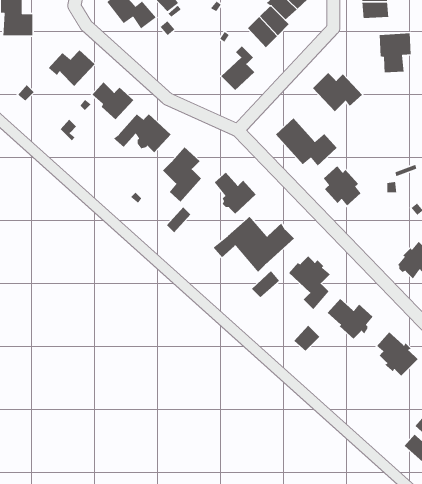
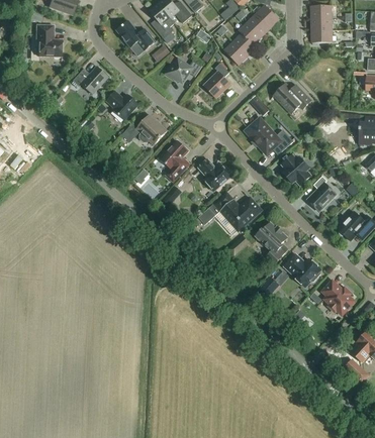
building: [379,33,412,73] -> none
building: none -> [166,57,202,83]
building: none -> [307,176,337,210]

